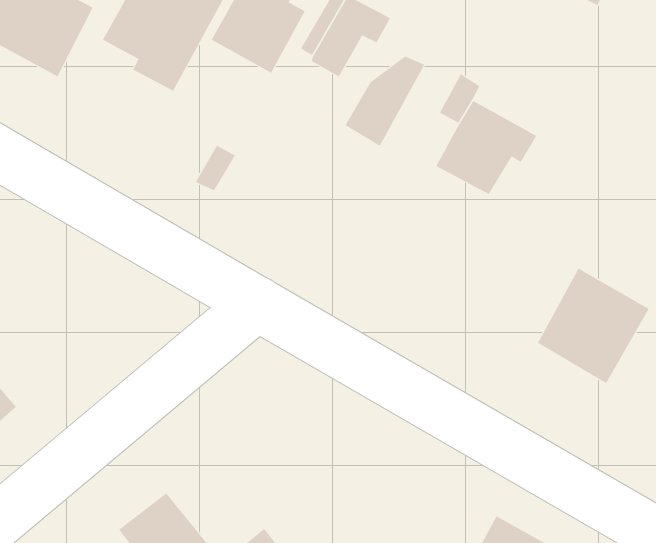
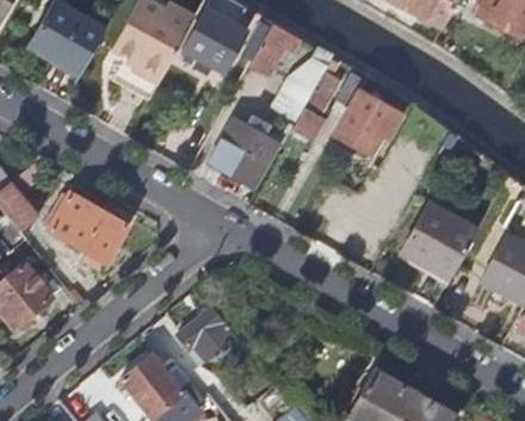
building: none -> [290,72,340,142]
building: none -> [209,117,277,184]
building: none -> [49,196,125,262]
building: none -> [177,307,236,366]

